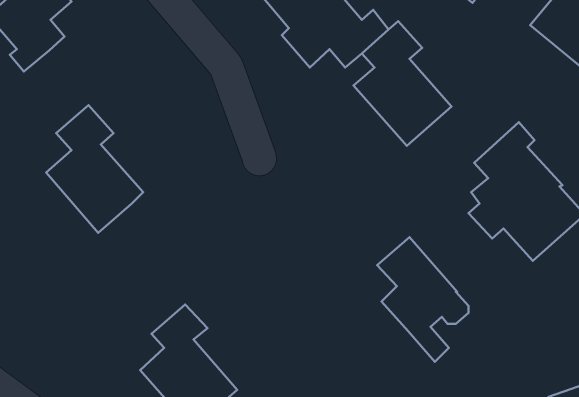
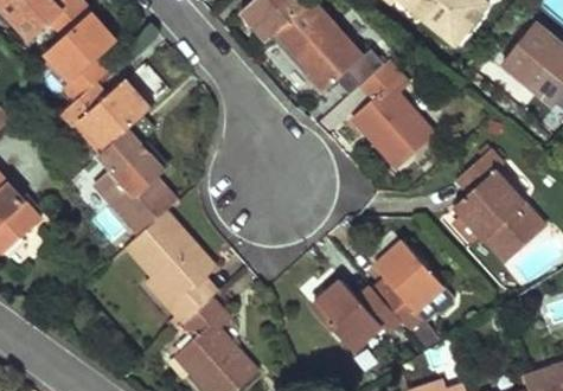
building: none -> [60,79,151,161]
building: none -> [127,212,219,322]
building: none -> [313,277,399,348]

